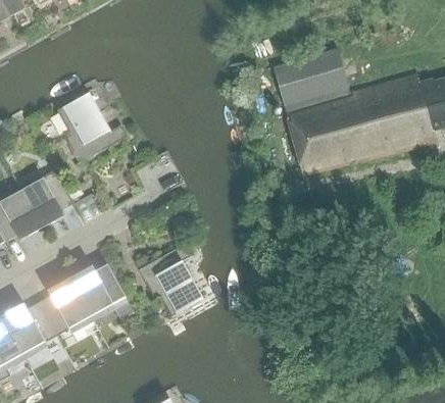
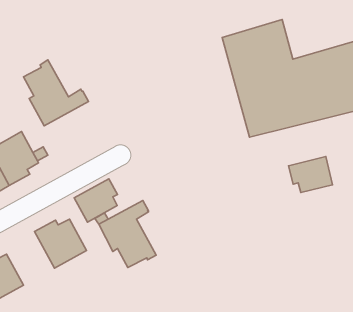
building: none -> [289,156,333,193]
building: none -> [74,179,118,222]
building: [40,276,92,335] -> none

